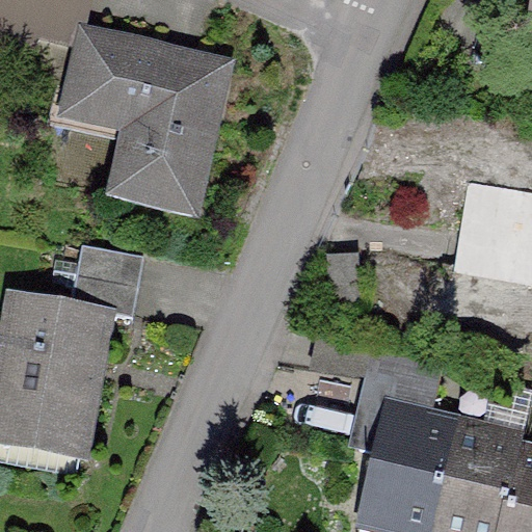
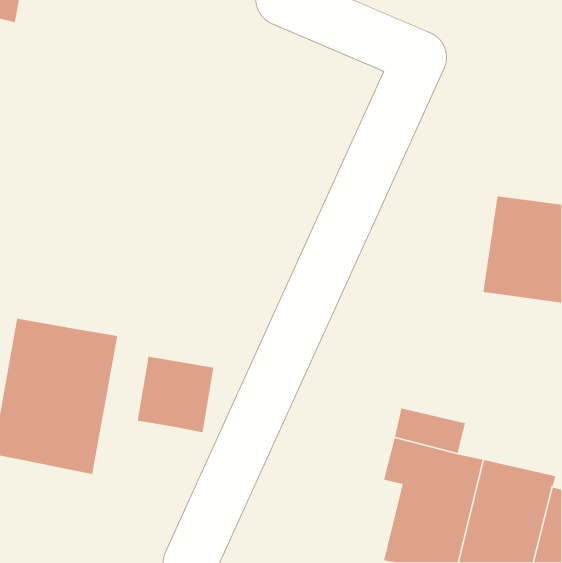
building: [69,36,229,211] -> none
building: [74,248,147,321] -> [137,356,214,433]

